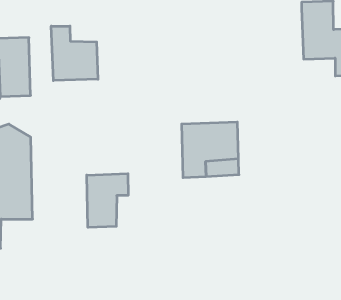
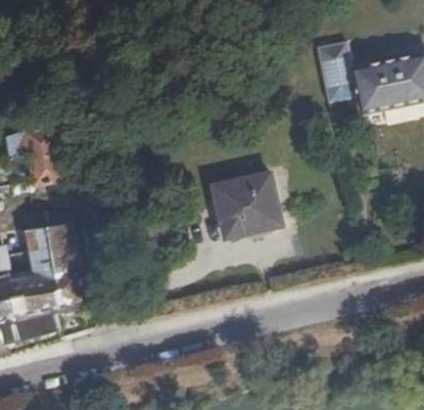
building: [51,26,98,81] -> none
building: [87,174,128,227] -> none

